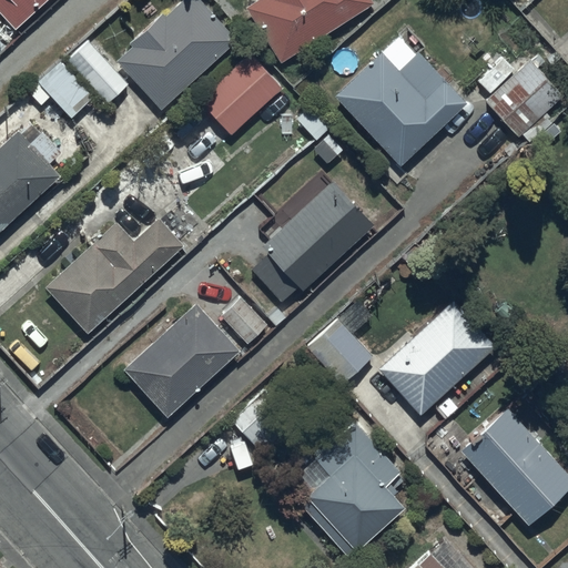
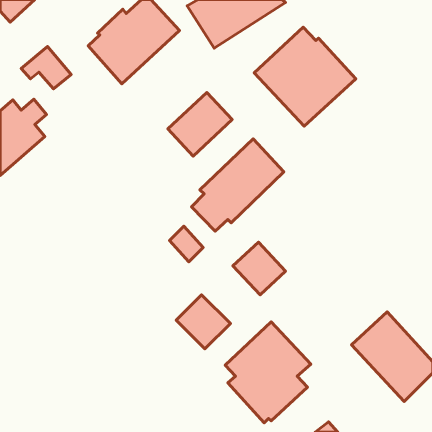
building: [68,41,129,103] -> none
building: [199,51,283,134] -> [168,93,232,156]
building: [487,61,562,135] -> none
building: [45,217,184,334] -> none
building: [378,298,497,415] -> none
building: [123,303,239,416] -> none

